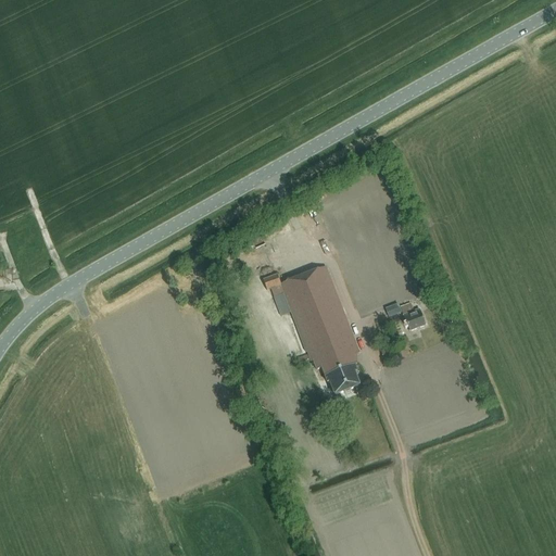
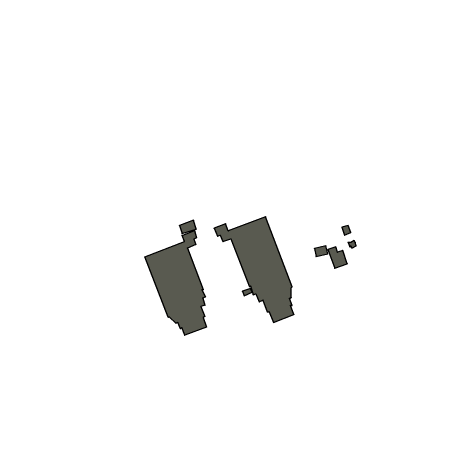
building: none -> [145,231,207,335]

